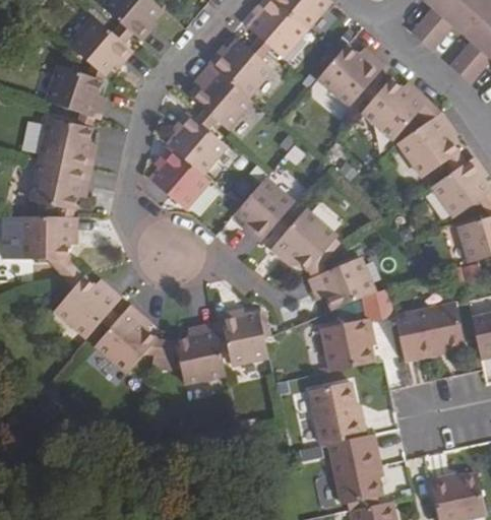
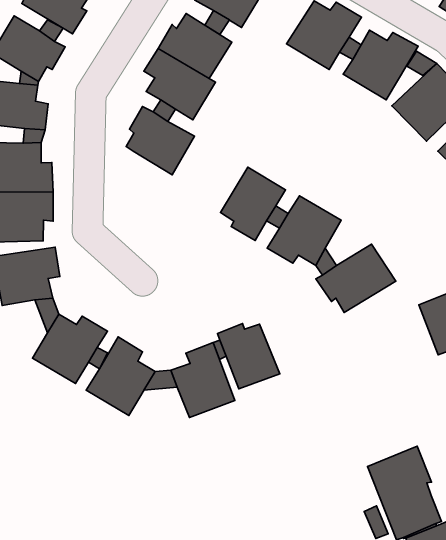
building: [152,147,211,208] -> none
building: [318,319,372,374] -> none
building: [306,383,363,447] -> none

